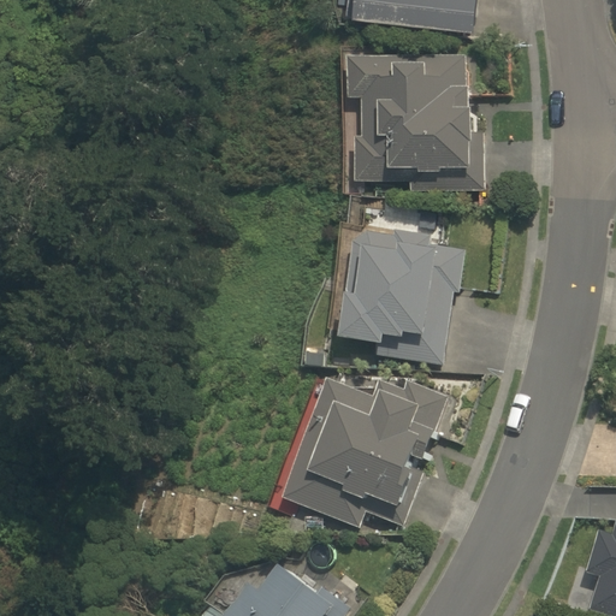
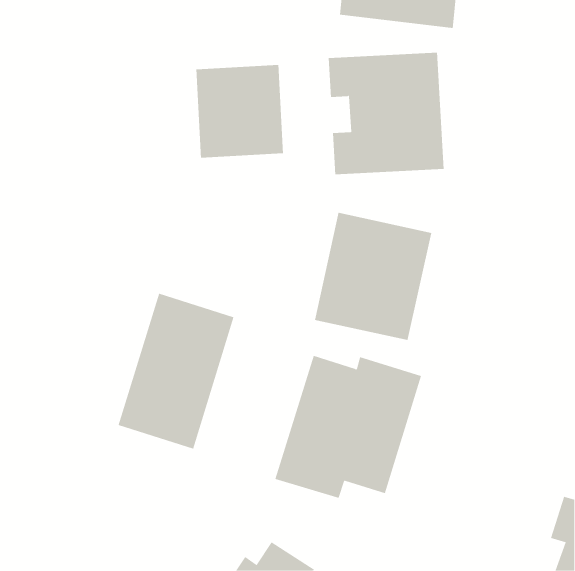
building: none -> [196,64,284,159]
building: none -> [118,293,234,449]

